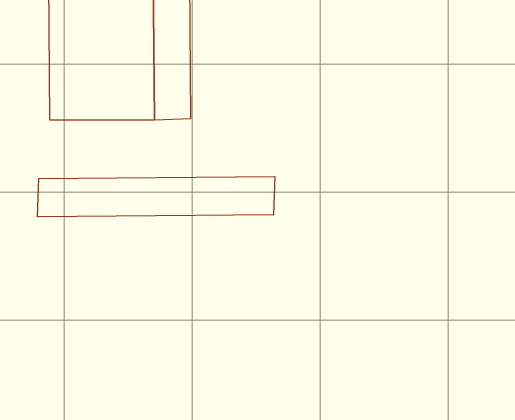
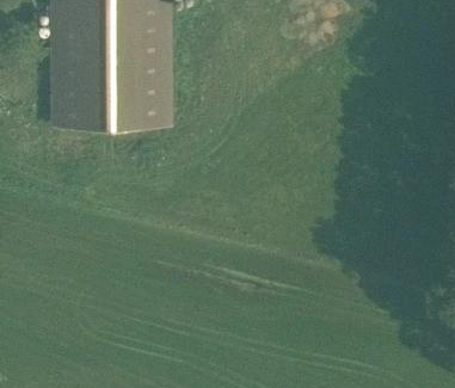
building: [37,177,275,217] -> none

